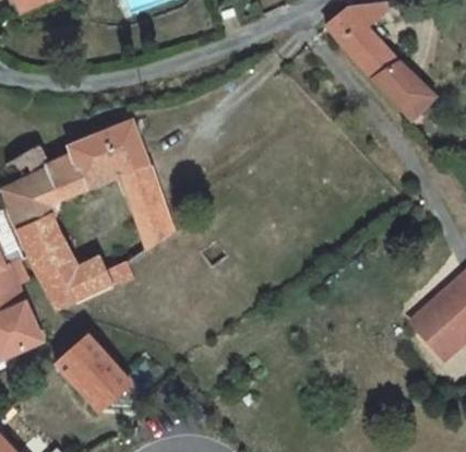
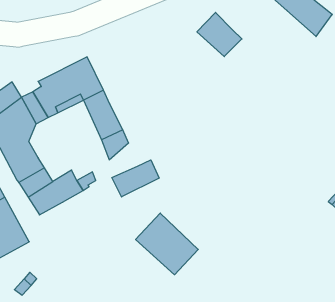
building: none -> [197,12,242,57]
building: none -> [112,160,159,197]
building: [56,334,131,411] -> [136,213,198,275]

